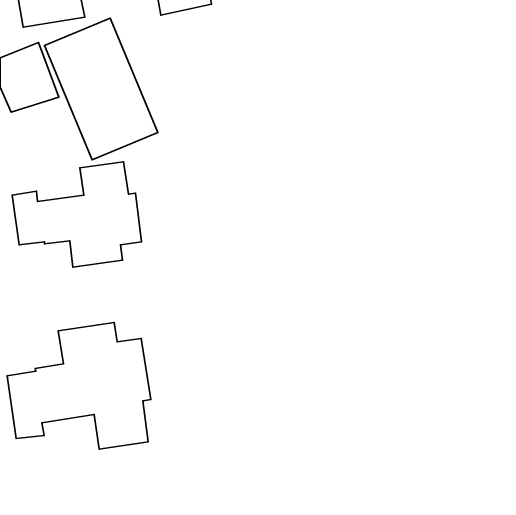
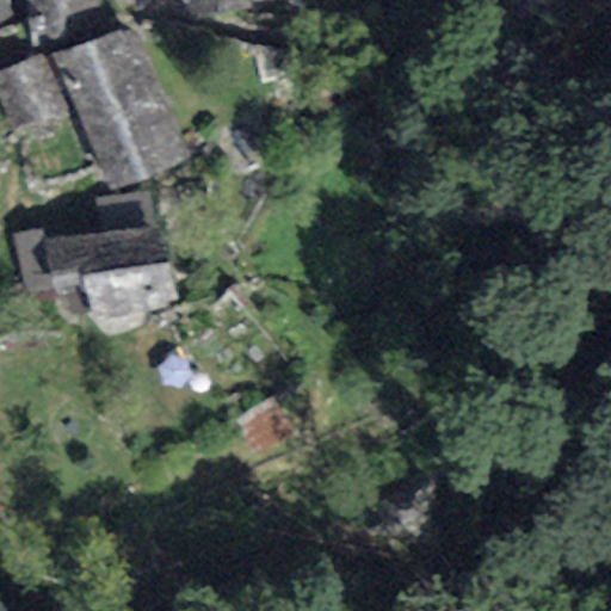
building: [7,323,151,449] -> none

